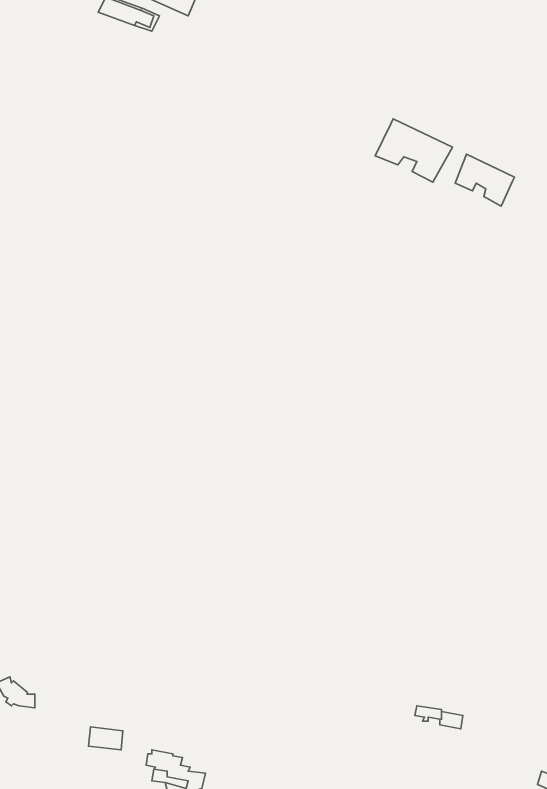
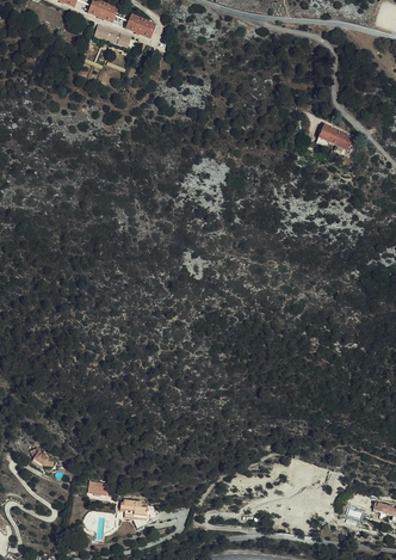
building: [375,119,453,182] -> none

